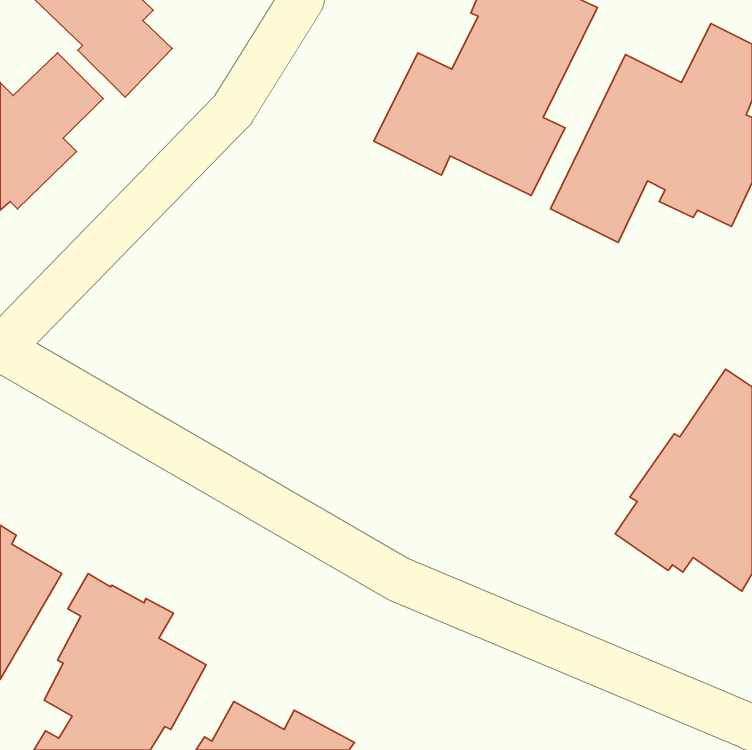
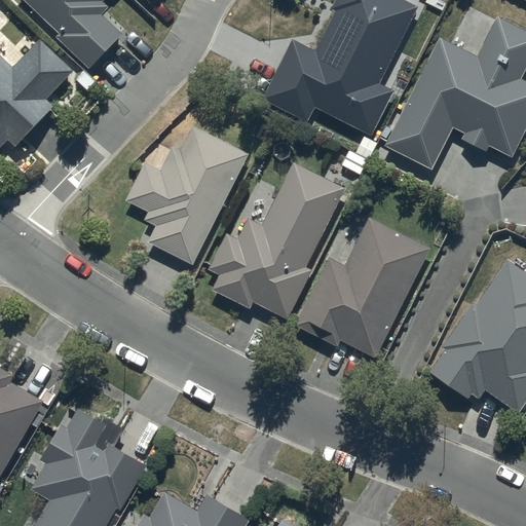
building: none -> [124,126,248,266]
building: none -> [208,161,343,322]
building: none -> [294,216,430,358]

